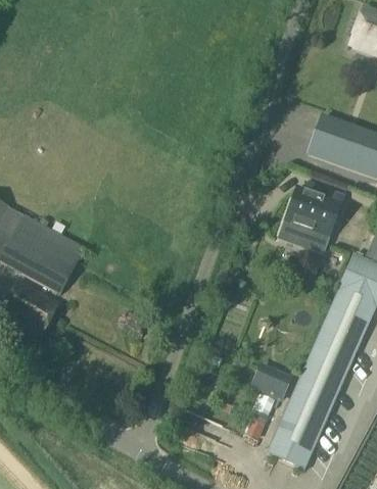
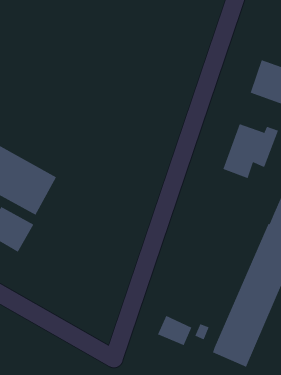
building: [251,363,292,399] -> [157,315,192,346]

